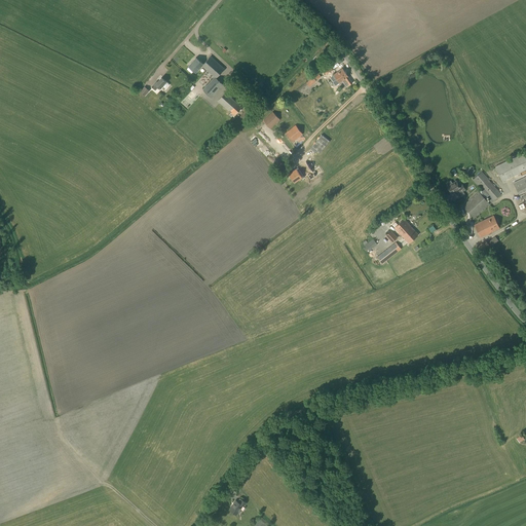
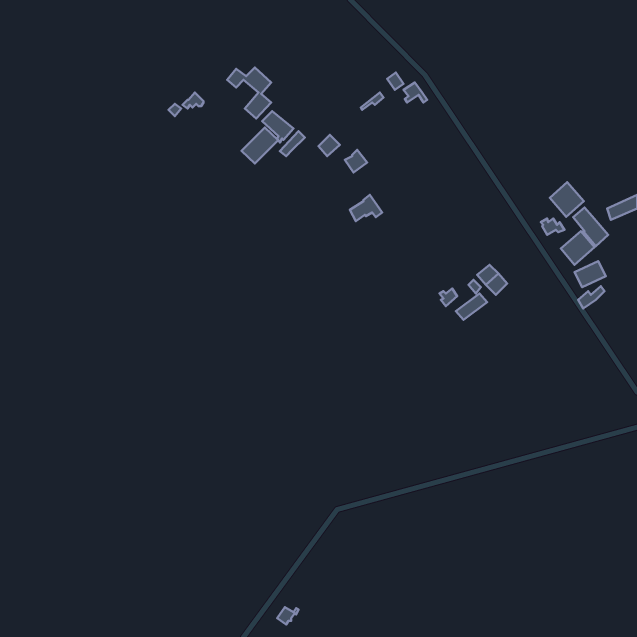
building: none -> [241,127,278,164]
building: none -> [550,182,584,217]

